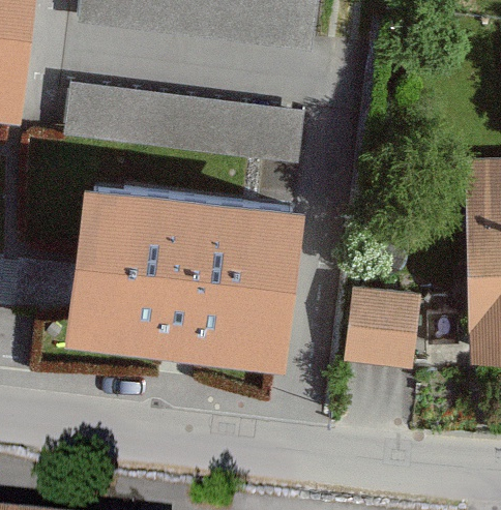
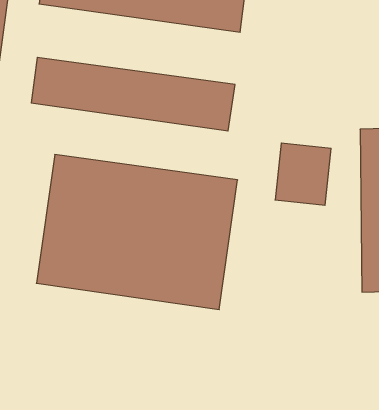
building: [333,284,400,358] -> [275,143,331,205]

